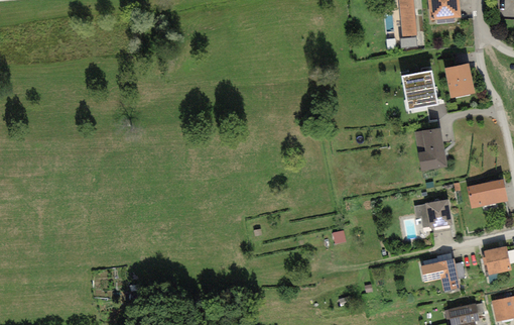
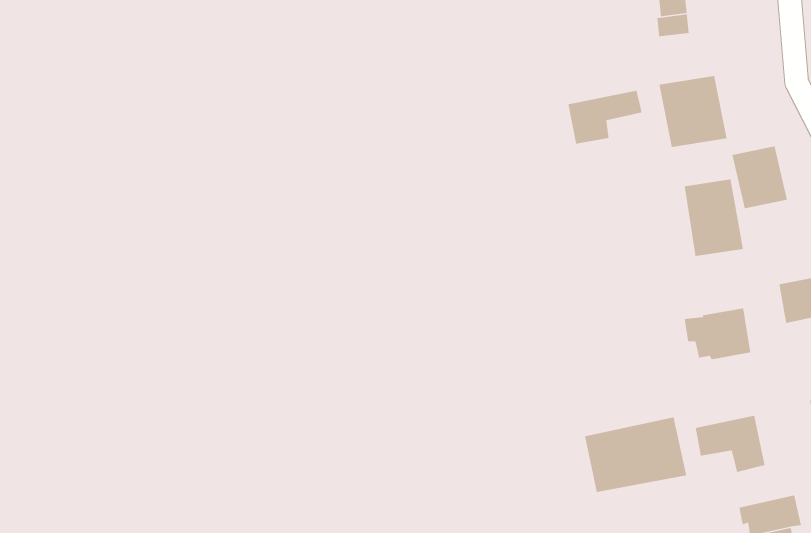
building: [443,63,475,98] -> [732,146,788,209]
building: none -> [567,90,643,145]
building: none -> [584,417,687,493]

